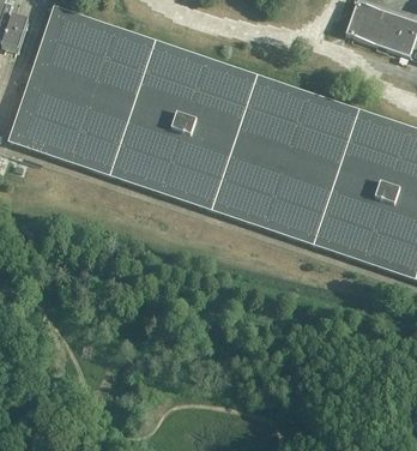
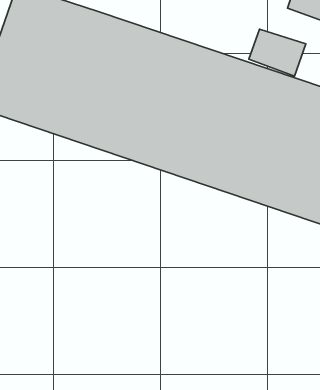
building: none -> [249,29,306,76]

